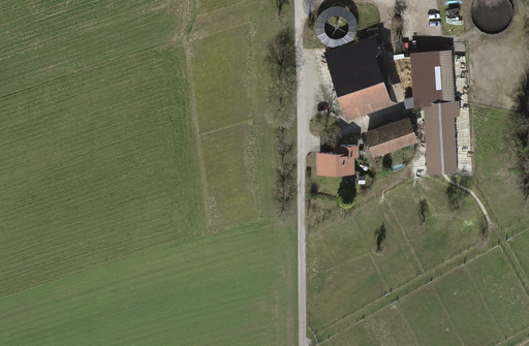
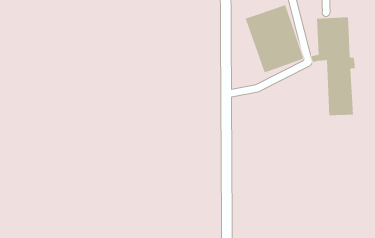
building: [363,117,416,157] -> none
building: [316,146,359,175] -> none

